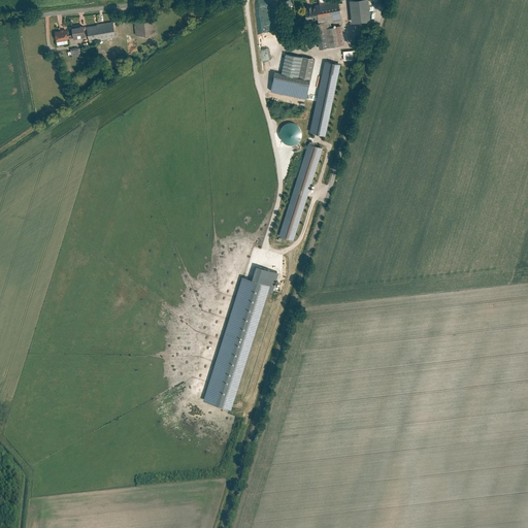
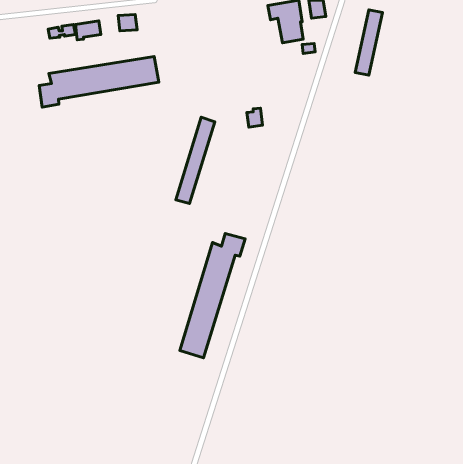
building: [271,54,315,98] -> none
building: [309,61,340,135] -> [355,10,382,75]
building: none -> [39,56,159,107]
building: [278,142,323,240] -> [176,117,215,204]

